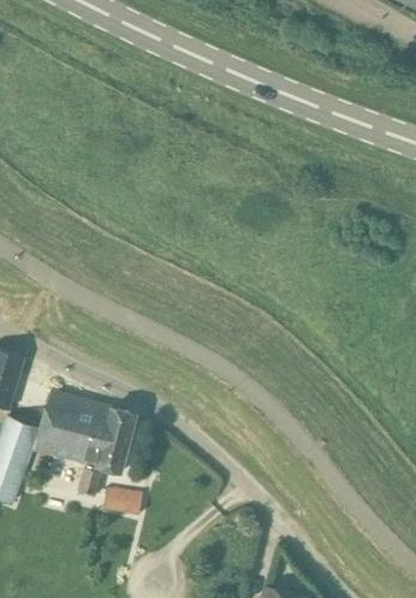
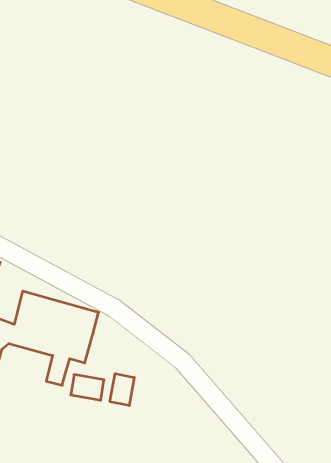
building: none -> [110,374,134,406]

